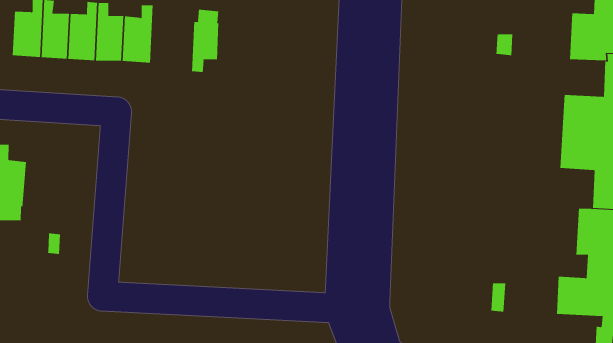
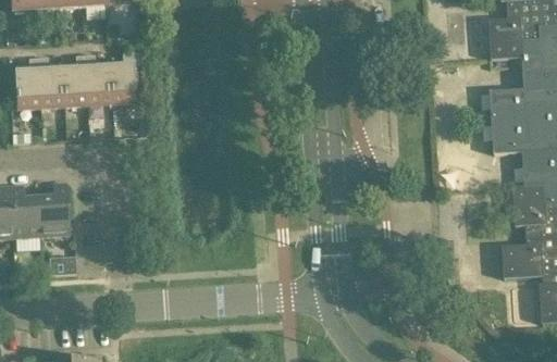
building: [191,9,219,73] -> none
building: none -> [38,182,69,236]

